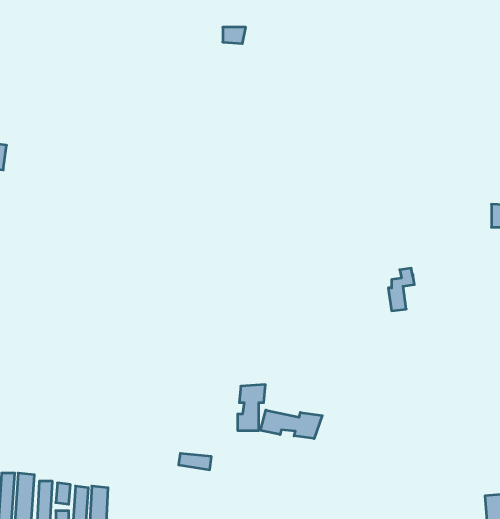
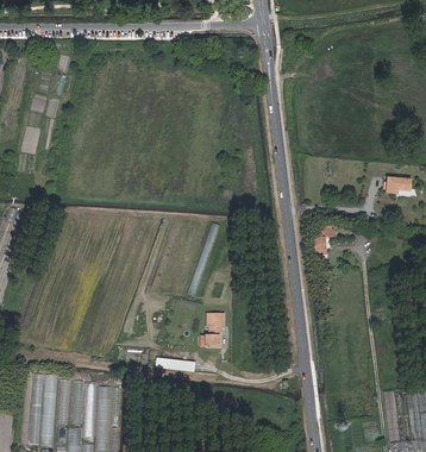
building: [261,410,322,439] -> none

